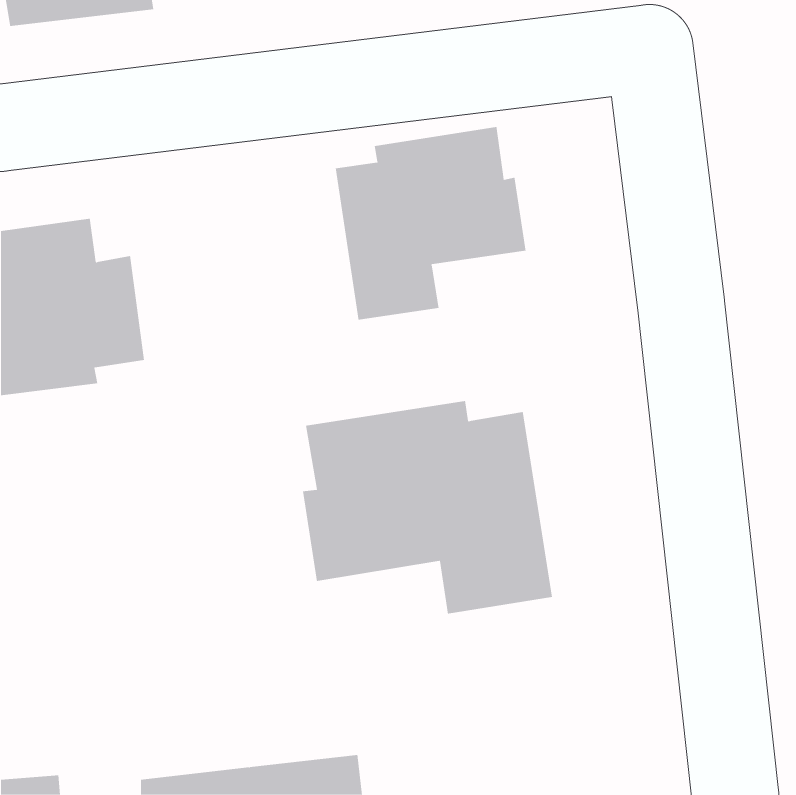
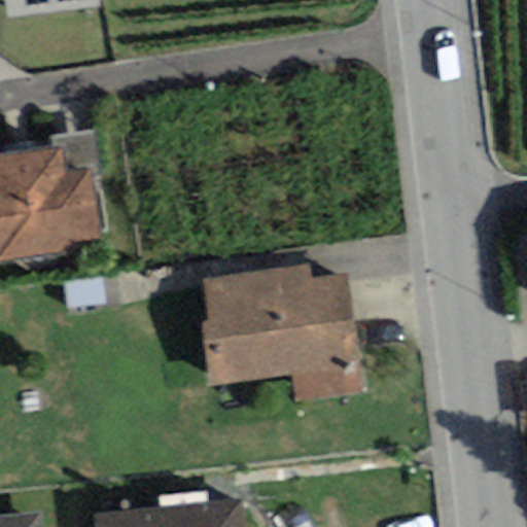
building: [335,126,526,320] -> none

